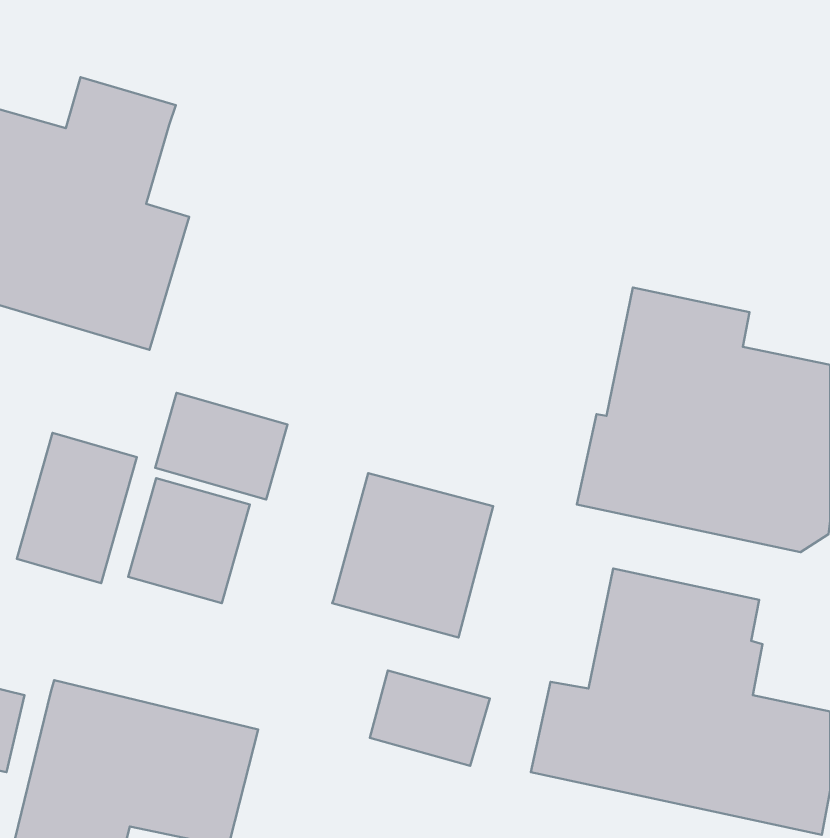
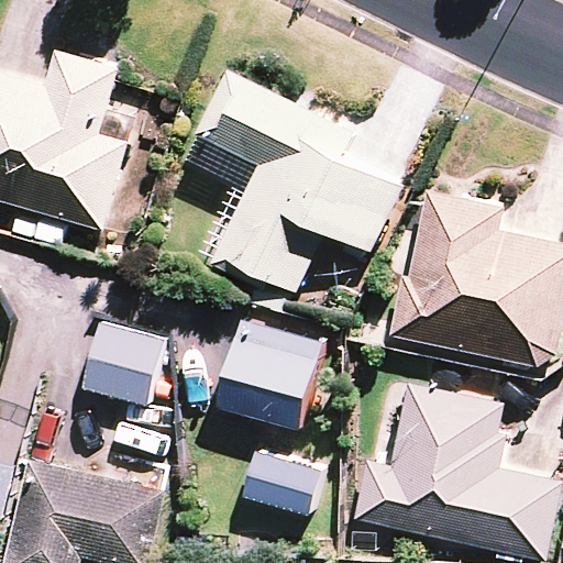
building: none -> [192,73,399,296]
building: [155,393,287,499] -> none
building: [17,433,137,583] -> none

